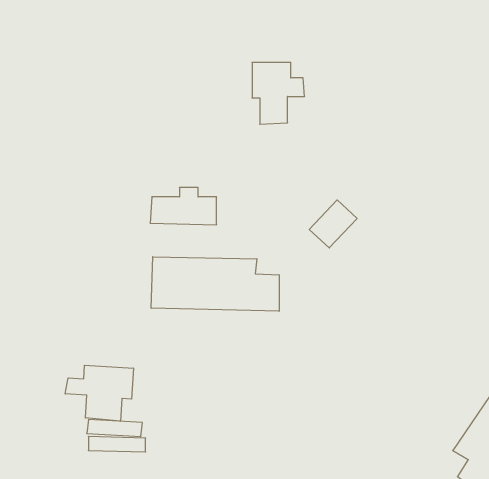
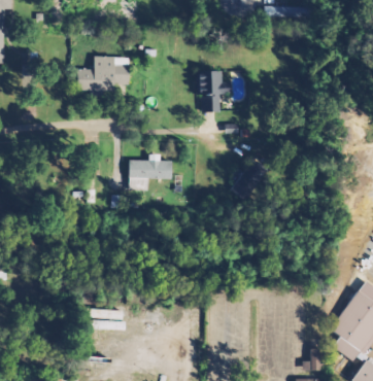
building: none -> [76,56,129,93]
building: [151,257,279,311] -> none
building: [65,365,133,421] -> none

